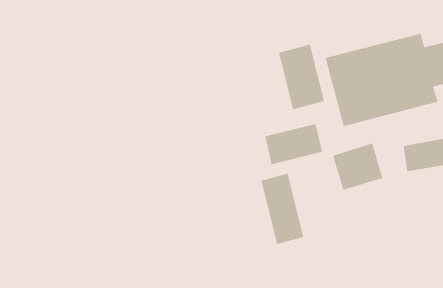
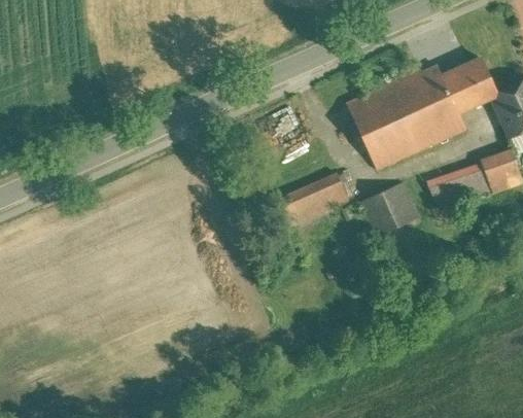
building: [279,44,325,110] -> none
building: [261,173,304,245] -> none

